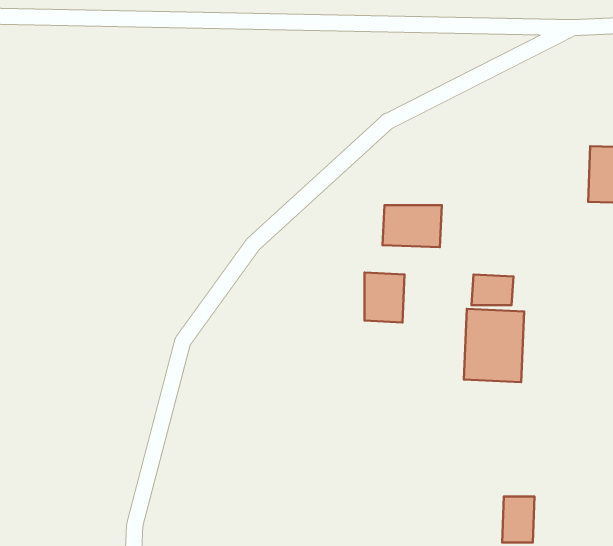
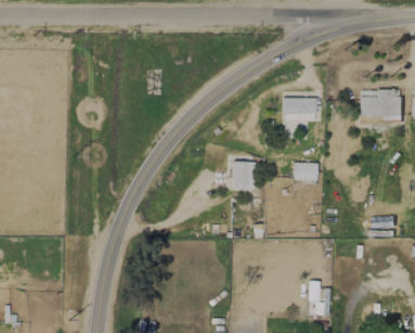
building: [383,205,442,247] -> [282,98,315,121]
building: [464,309,524,382] -> none

